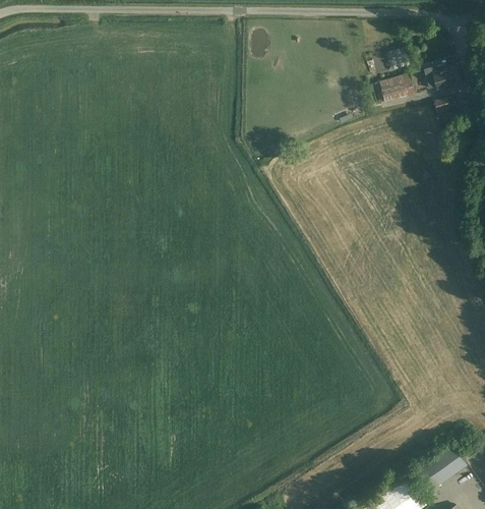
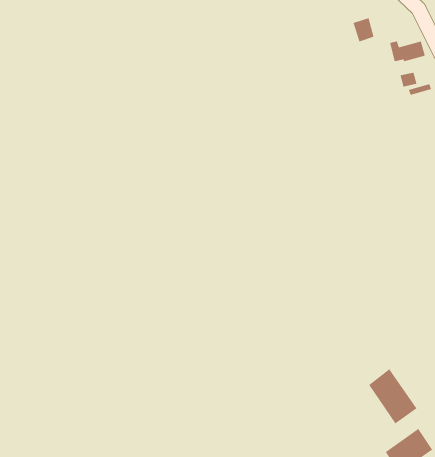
building: [373,73,415,102] -> none
building: none -> [368,368,418,425]

